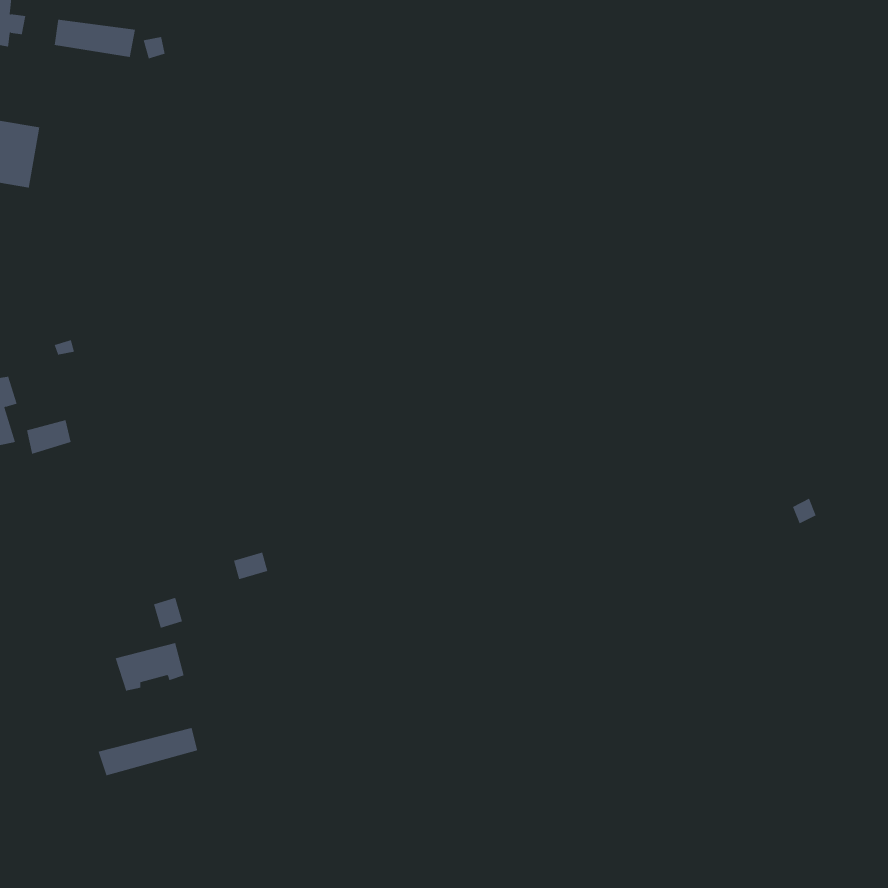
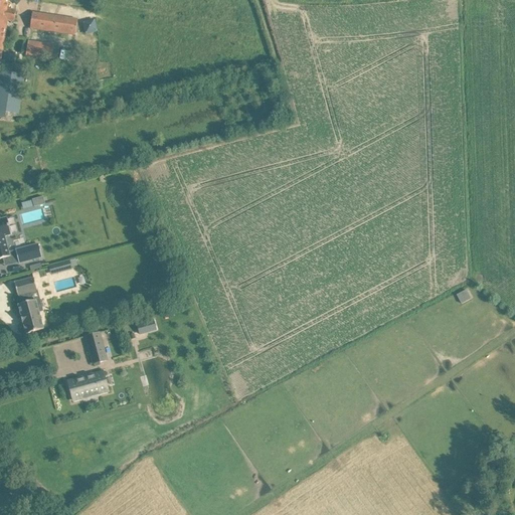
building: none -> [25,39,53,58]
building: none -> [13,277,42,333]
building: [98,727,198,776] -> none

